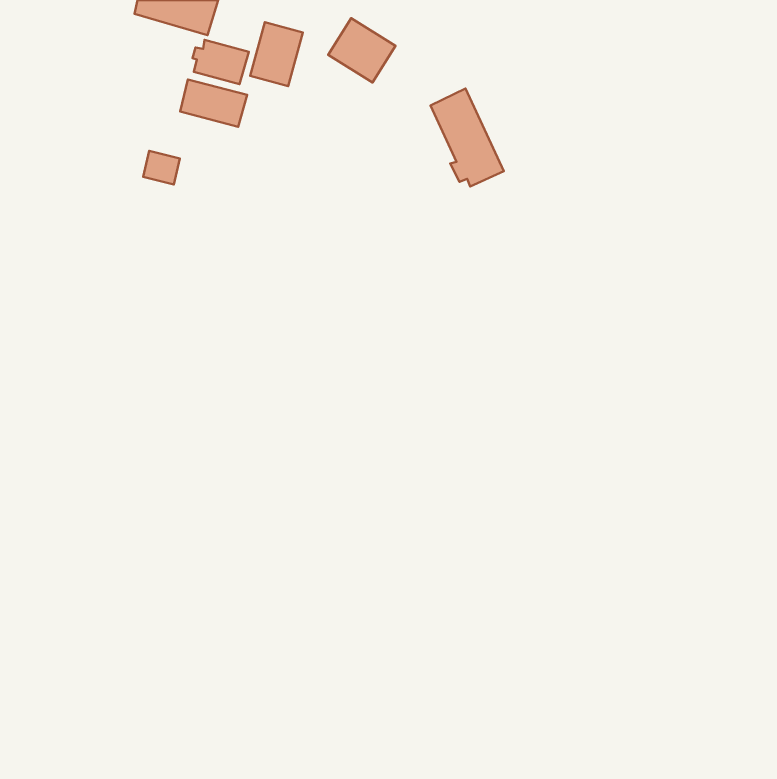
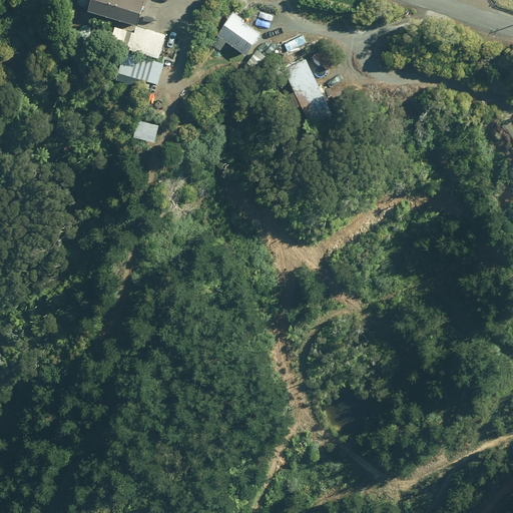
building: [250,22,303,86] -> none
building: [143,151,180,184] -> [133,120,157,142]

